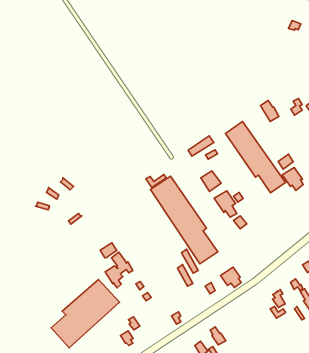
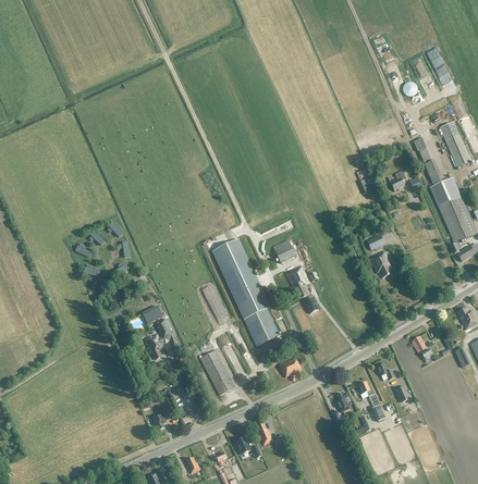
building: [226,121,286,193] -> none
building: none -> [200,350,235,395]
building: [51,279,119,348] -> none

